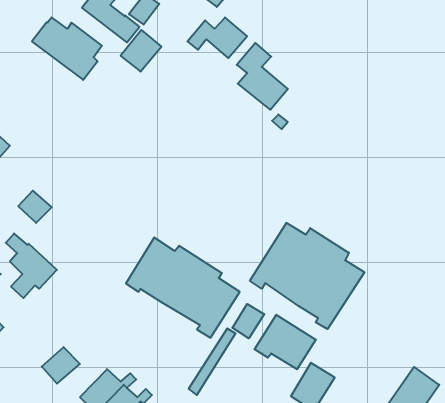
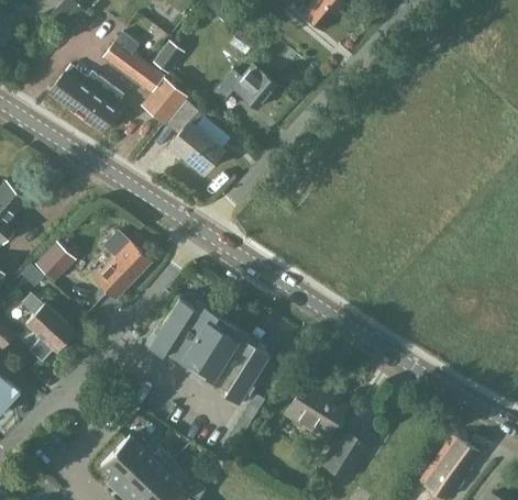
building: [237,43,288,110] -> [168,102,222,173]
building: none -> [96,241,151,296]
building: [250,223,364,329] -> none
building: [232,304,264,338] -> none
building: [42,347,80,384] -> none

